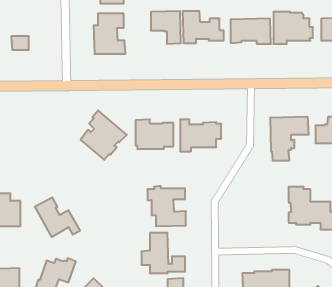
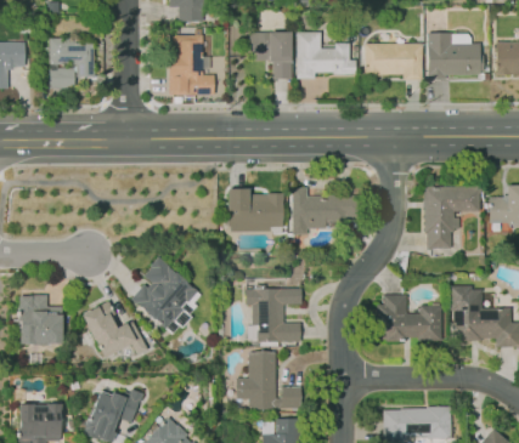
building: none -> [49,36,96,76]
building: [81,110,127,160] -> [132,256,199,328]
building: none -> [378,294,440,340]

